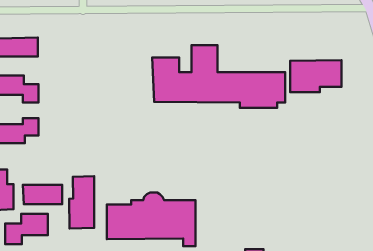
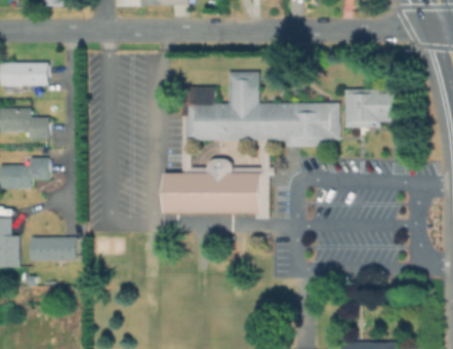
building: [69,176,94,228] -> none
building: [107,192,195,246] -> [165,158,270,222]
building: [5,214,48,244] -> none

